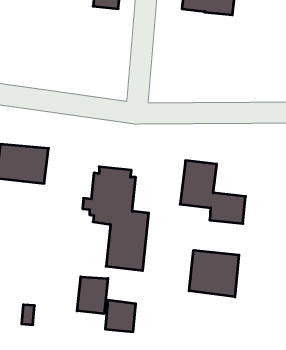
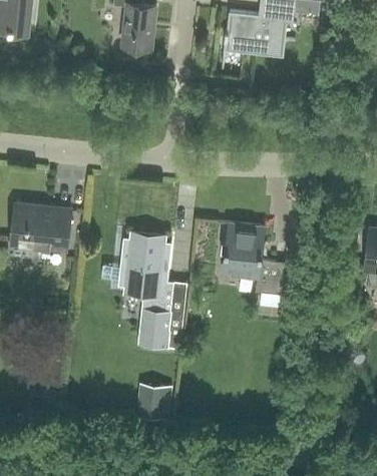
building: [189,250,239,297] -> none
building: [77,277,108,314] -> none

